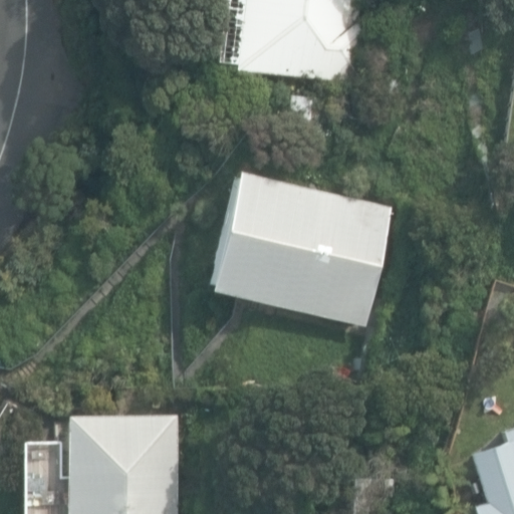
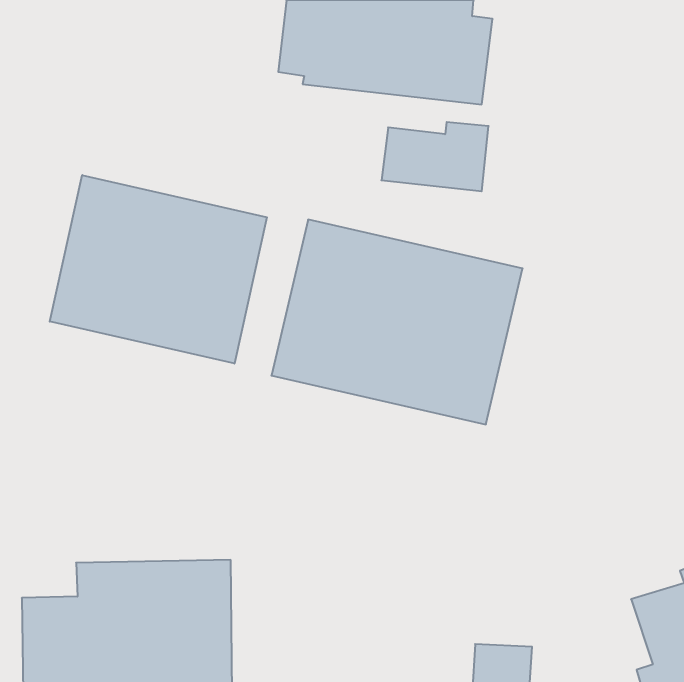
building: none -> [50,175,267,364]

